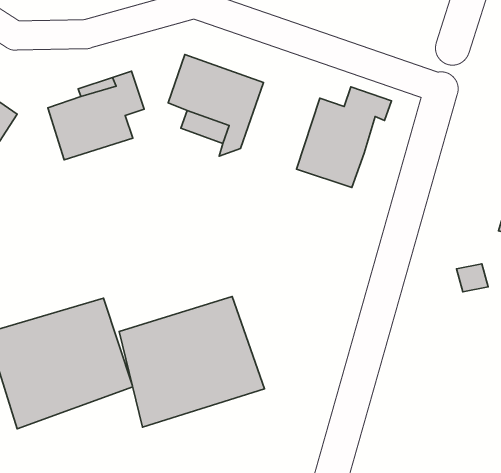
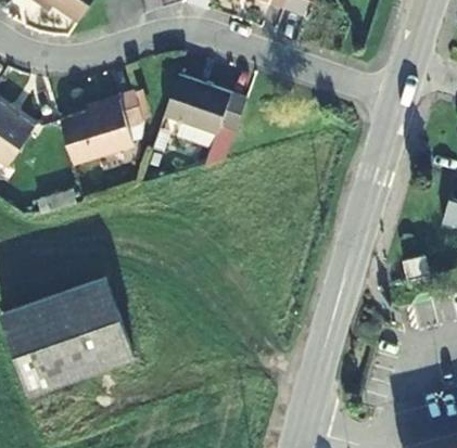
building: [296,87,391,187] -> none
building: [119,297,265,427] -> none

